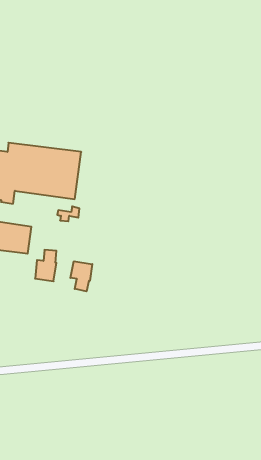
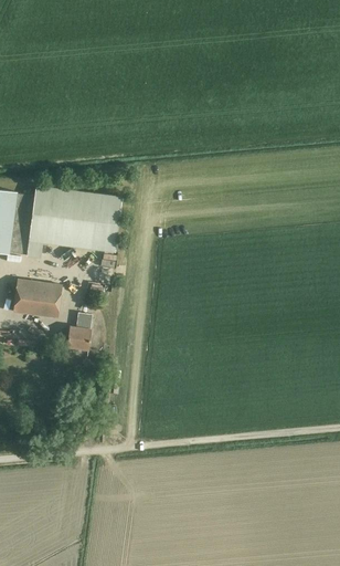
building: [70,261,92,291] -> none

